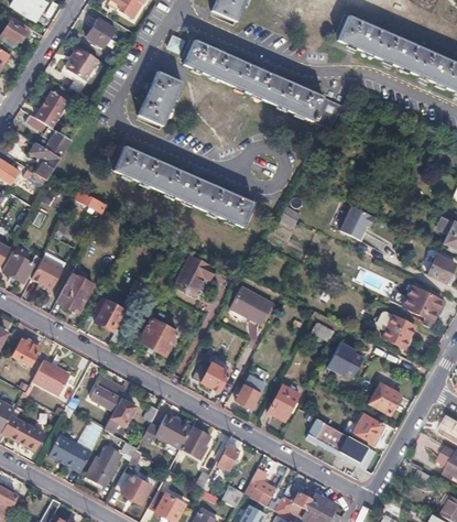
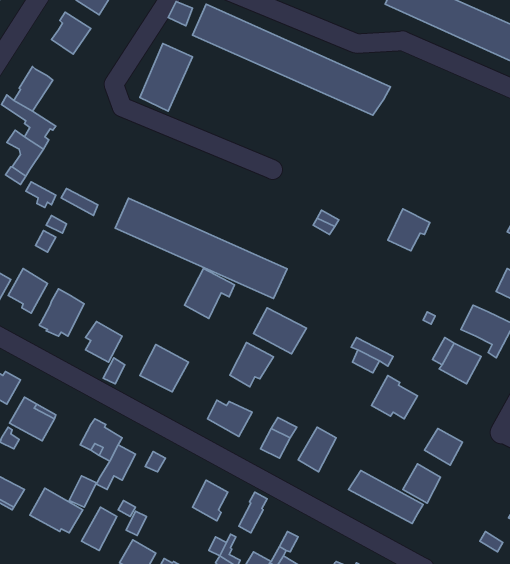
building: [115,146,254,228] -> [115,198,287,299]
building: none -> [230,343,274,387]
building: [143,413,193,448] -> none

